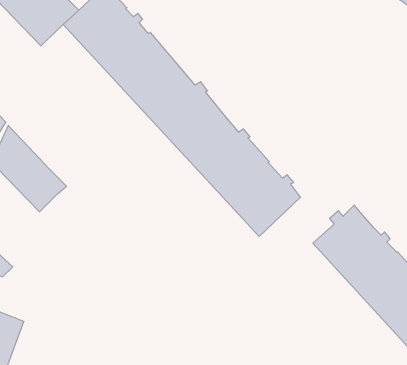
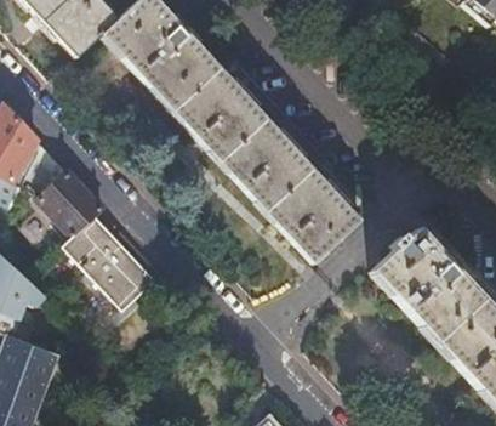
building: none -> [63,216,153,308]

